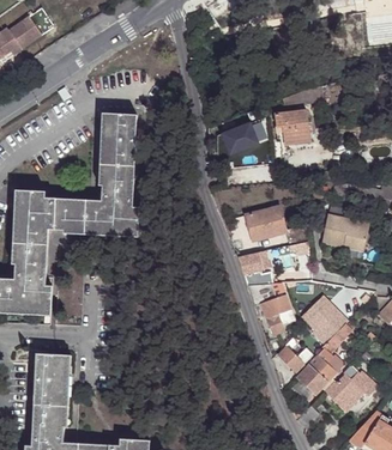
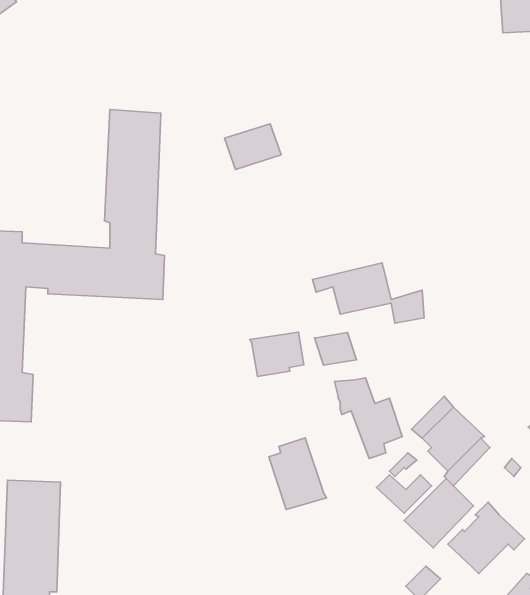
building: [276,108,313,144] -> none
building: [222,122,259,152] -> [224,124,281,169]
building: [320,217,369,255] -> none
building: none -> [250,332,304,377]
building: none -> [269,438,327,509]

